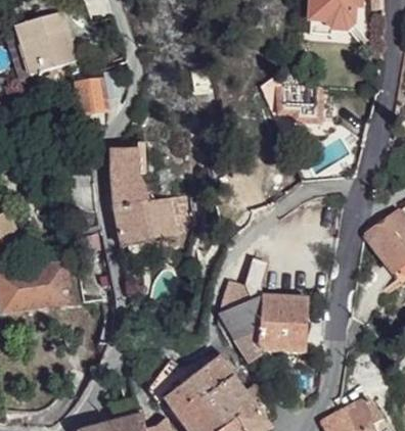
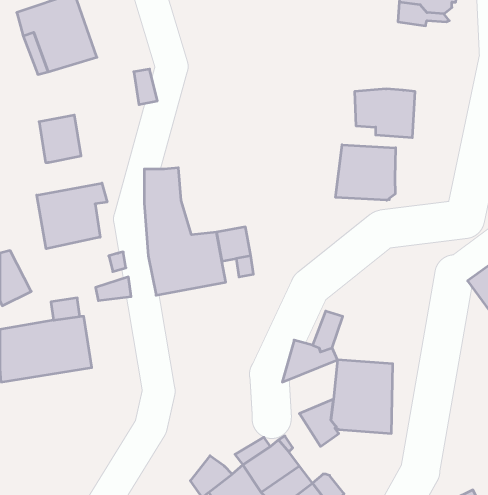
building: [75,76,107,112] -> [39,115,81,162]
building: none -> [336,145,396,200]
building: none -> [37,183,107,249]
building: [220,295,263,337] -> none

